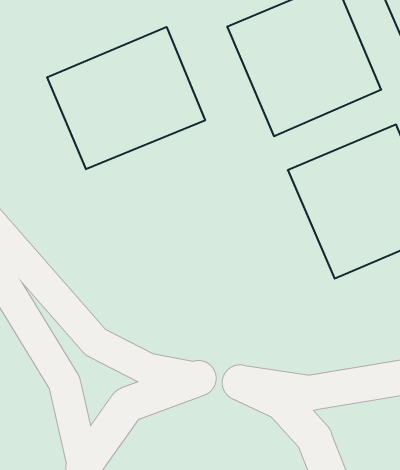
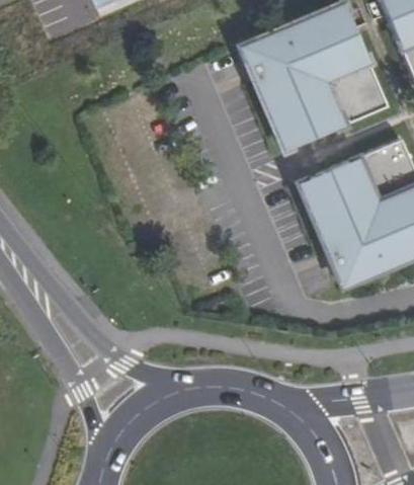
building: [47,27,205,169] -> none

